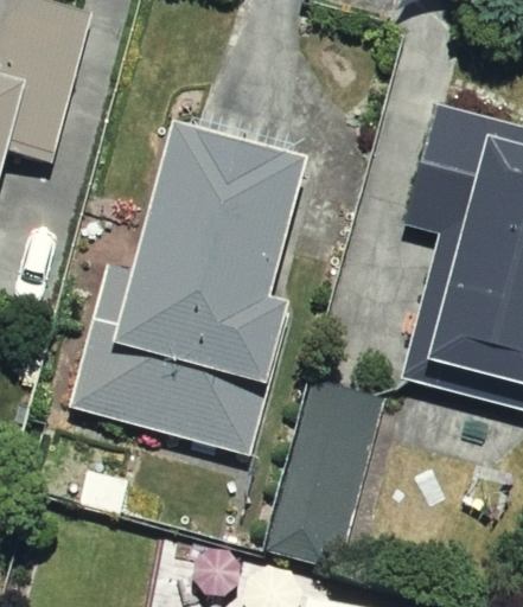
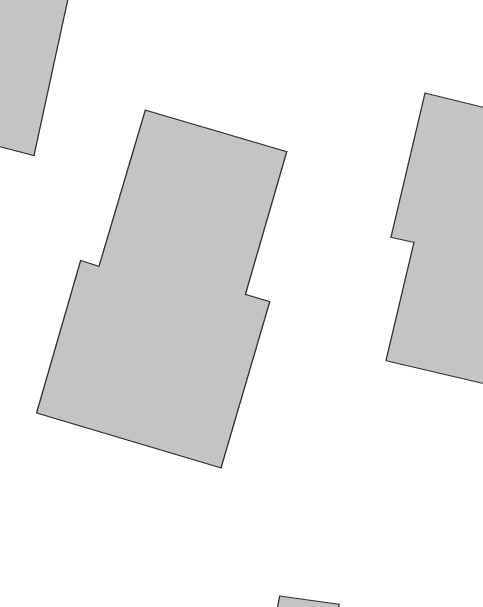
building: [267,379,394,567] -> none

